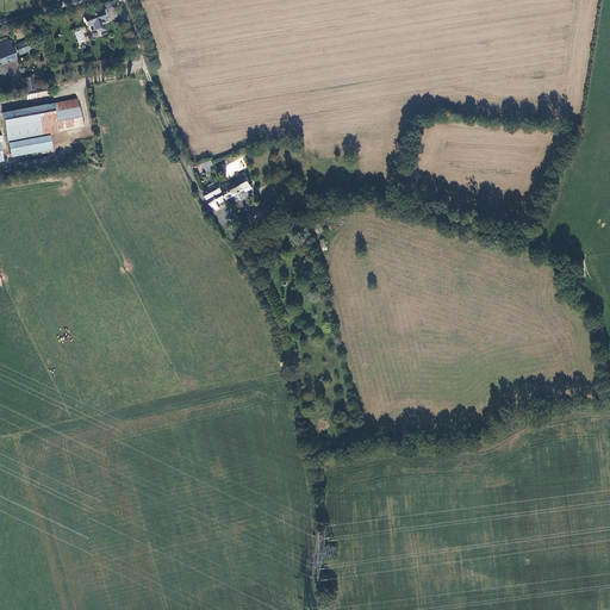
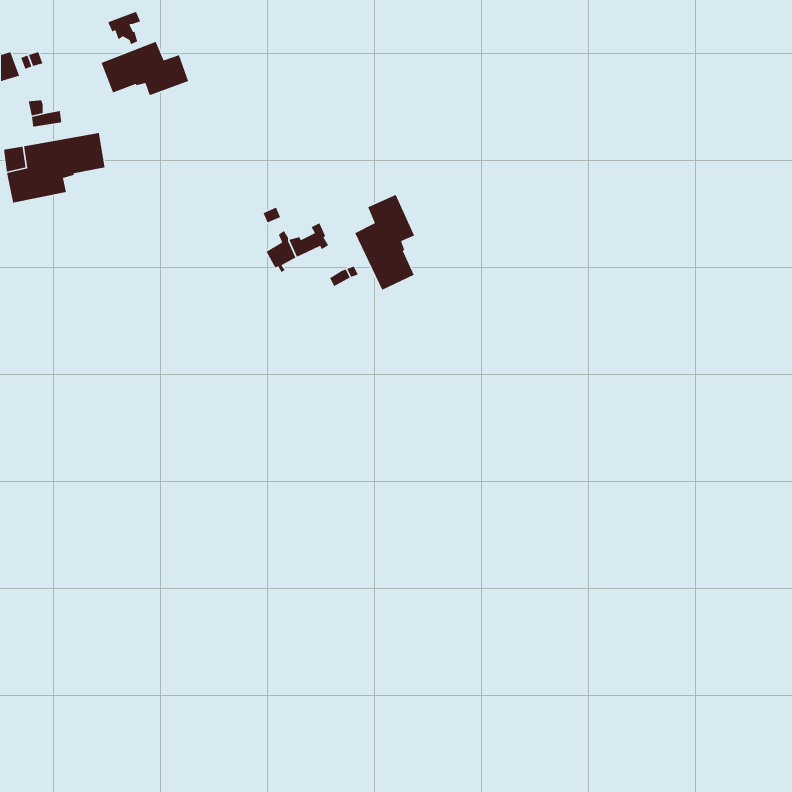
building: none -> [101,41,189,96]
building: none -> [354,194,415,291]

